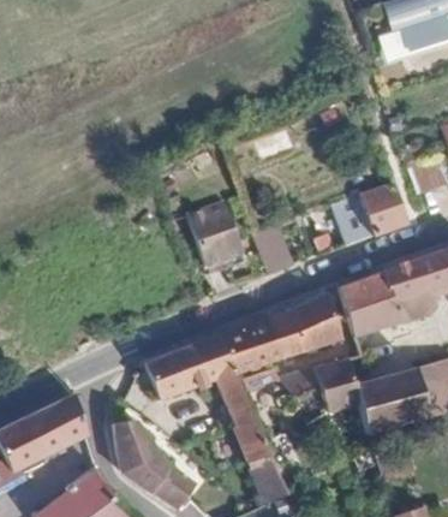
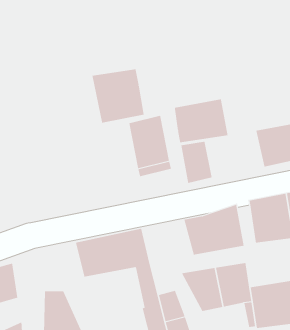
building: none -> [92,69,144,124]
building: none -> [174,99,228,143]
building: [221,317,285,374] -> none

